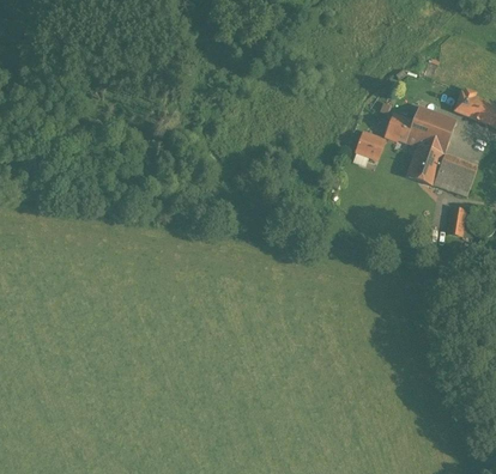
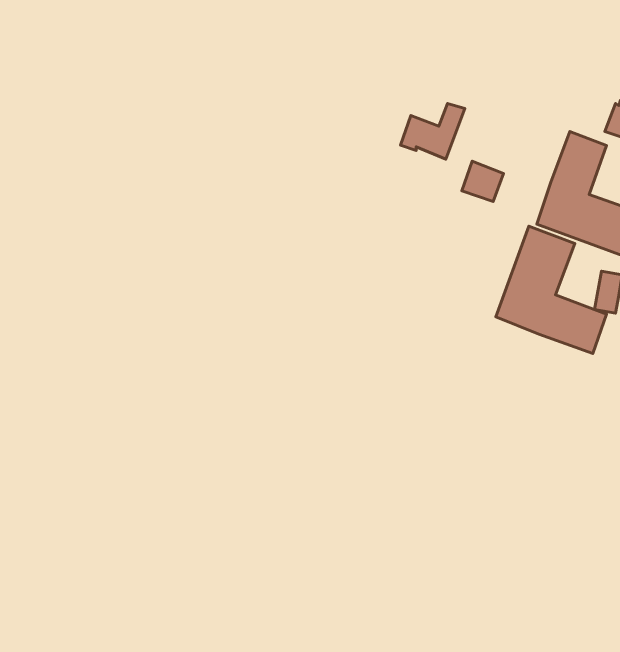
building: [387,108,431,146] -> [400,103,465,159]
building: none -> [496,226,607,353]

